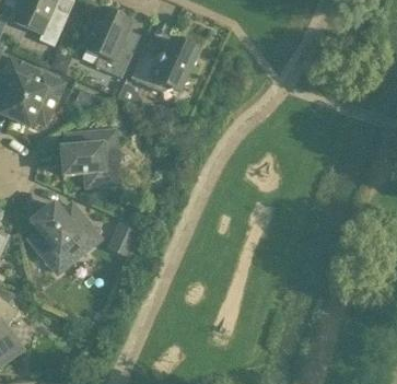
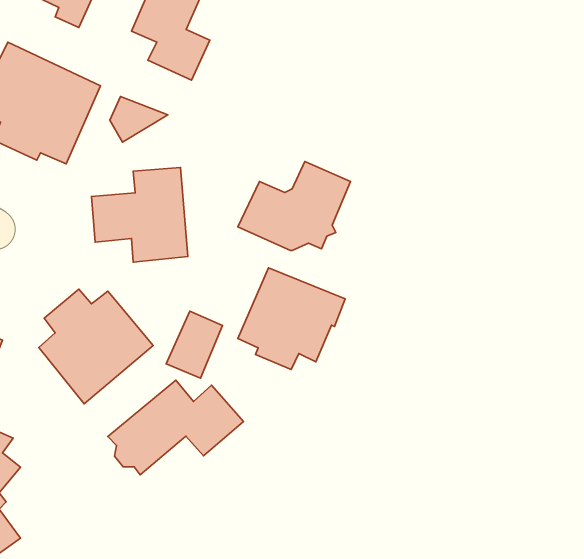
building: [130,37,198,91] -> [238,162,350,251]
building: none -> [238,268,345,370]
building: none -> [108,380,244,475]

